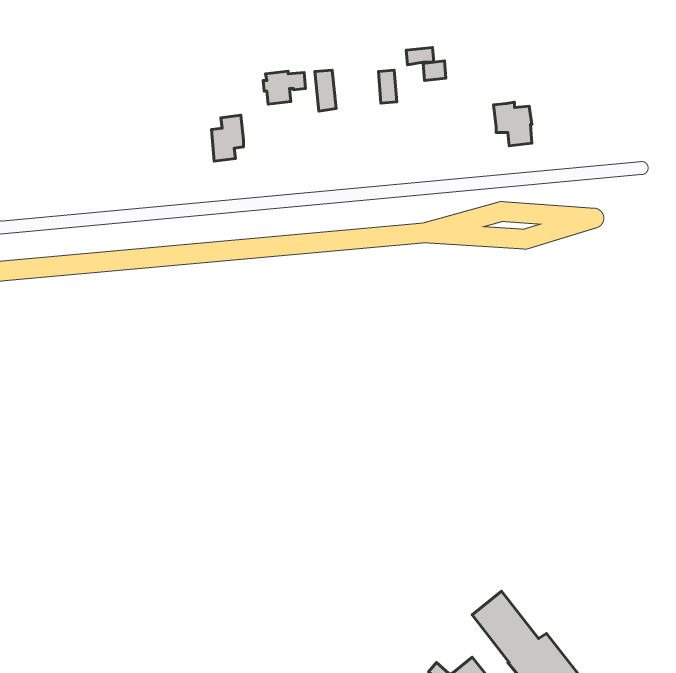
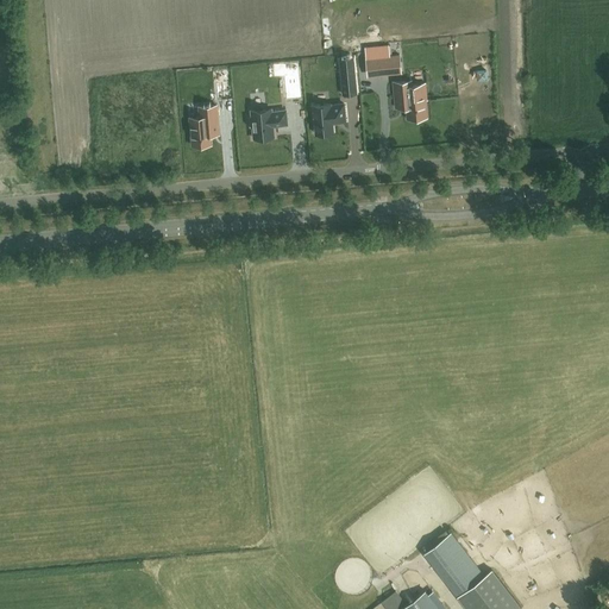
building: [263,71,305,104] -> [249,111,287,140]
building: [493,102,532,146] -> [393,82,427,121]
building: none -> [313,106,345,136]

